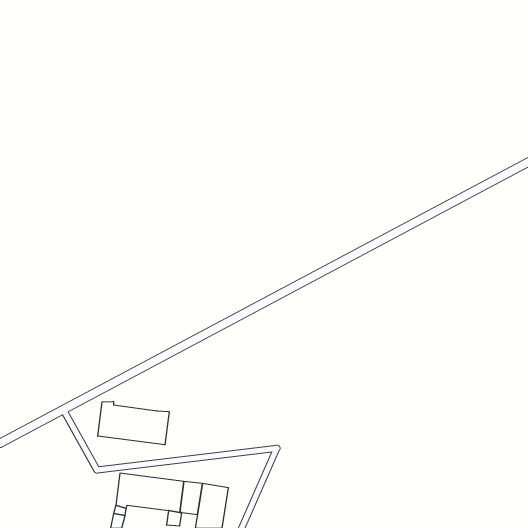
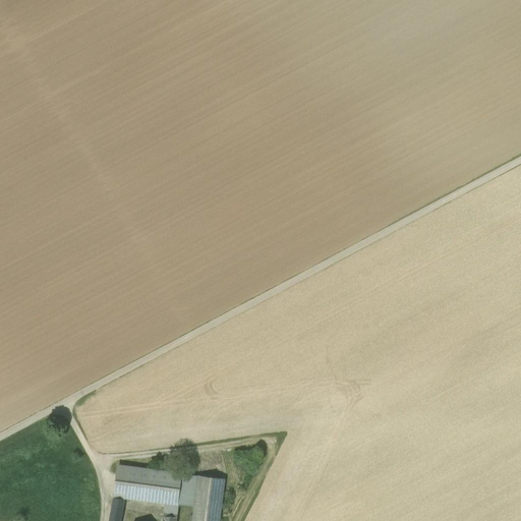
building: [98,401,169,445] -> none

